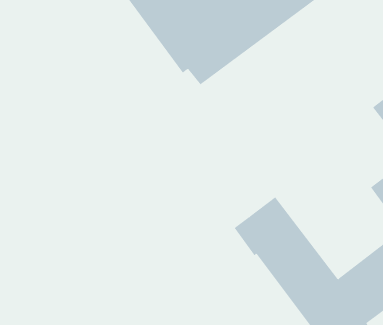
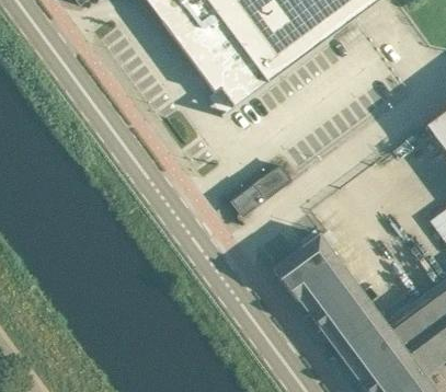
building: none -> [230,163,289,215]

